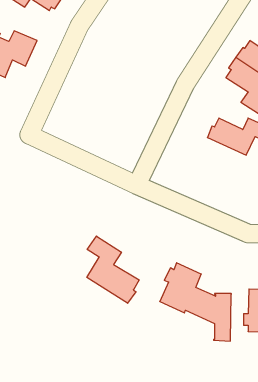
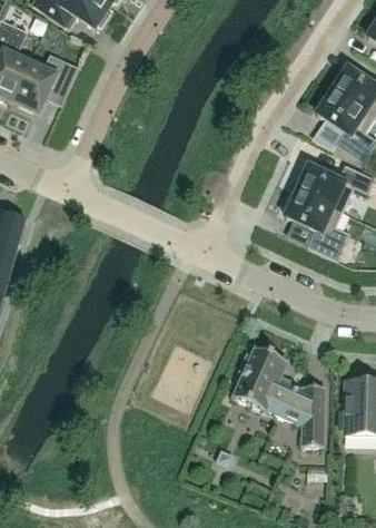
building: none -> [285,188,350,260]
building: [87,236,139,303] -> none

